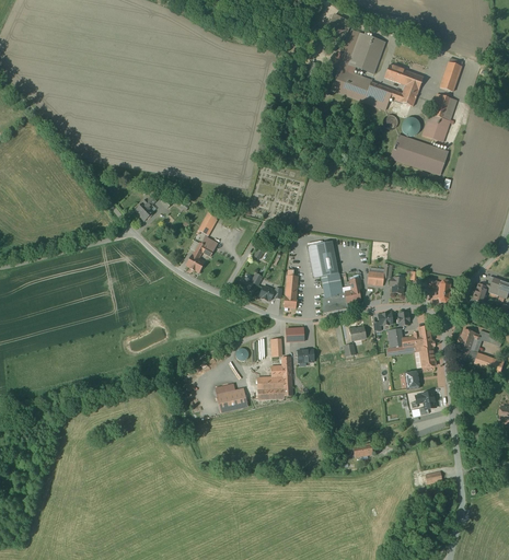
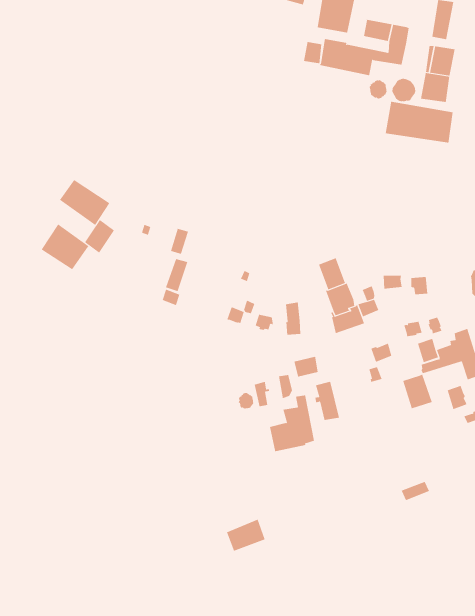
building: none -> [59,179,110,226]
building: none -> [41,224,89,270]
building: none -> [403,374,432,409]
building: [216,389,246,412] -> [226,519,266,552]

